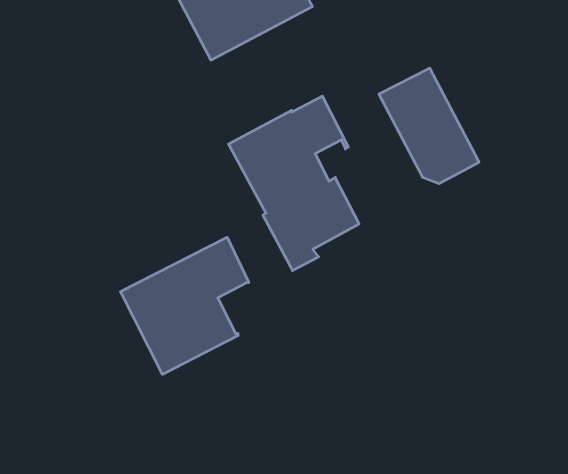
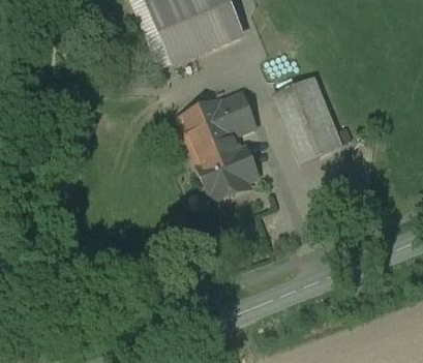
building: [120,237,249,374] -> none

